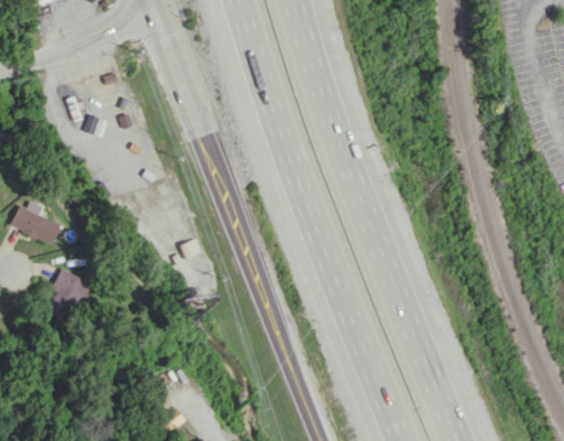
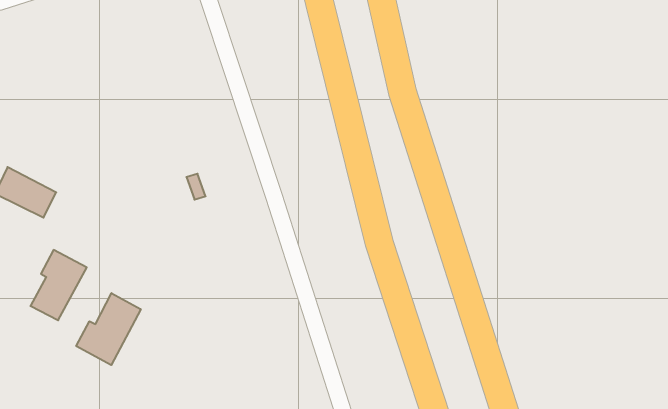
building: none -> [76,293,141,365]

